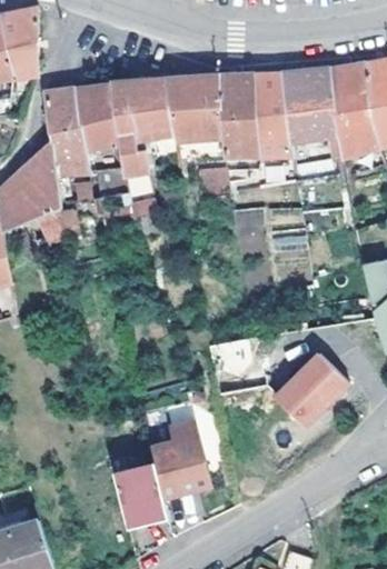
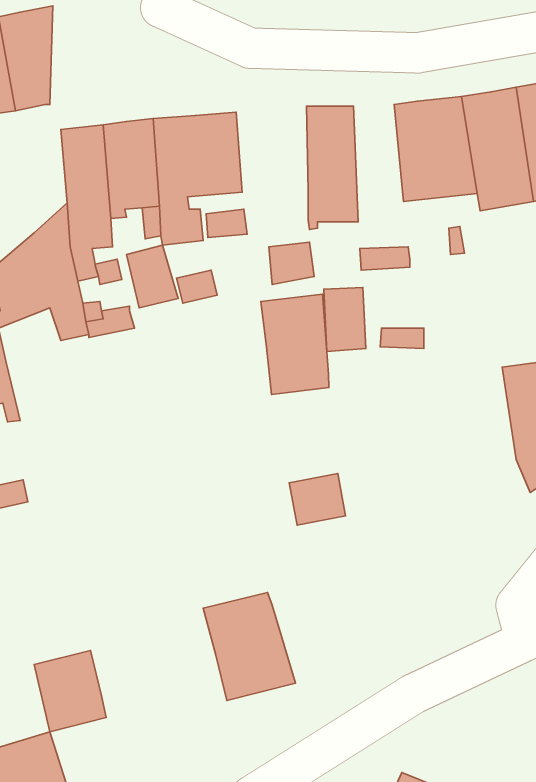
building: [252,74,289,158] -> none
building: [169,76,220,141] -> none
building: none -> [261,294,329,395]
building: [274,352,348,427] -> none
building: [115,466,166,523] -> [34,650,106,732]

